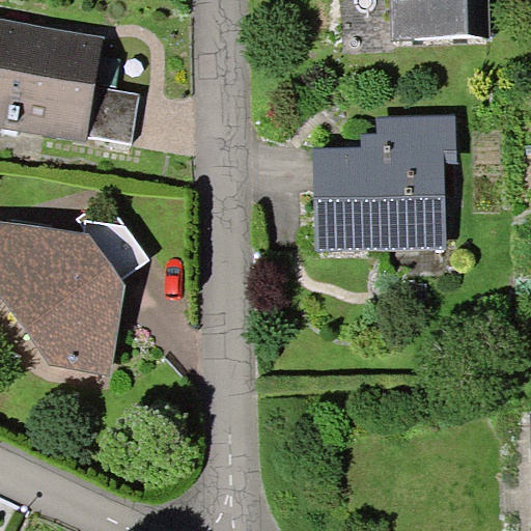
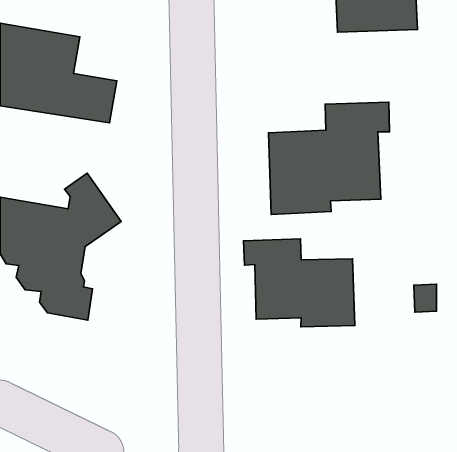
building: none -> [244,239,355,327]

